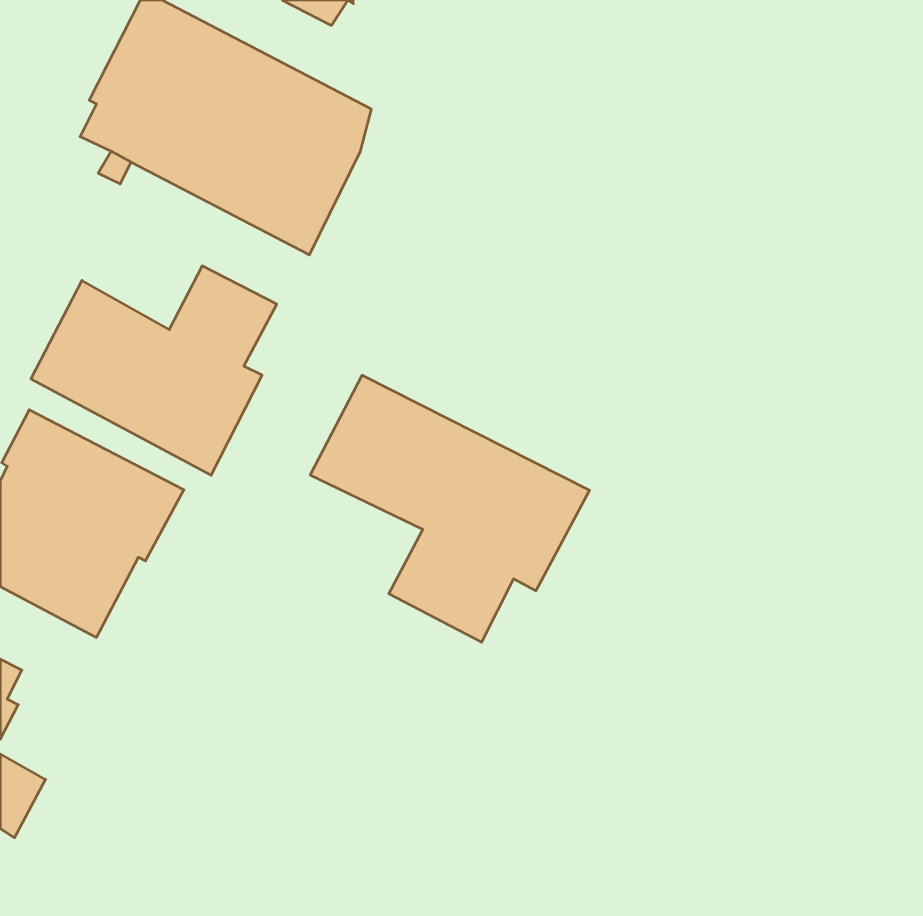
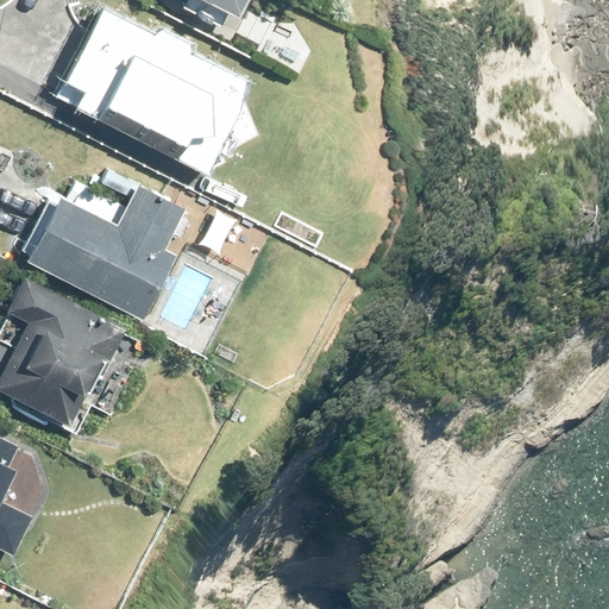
building: [310,375,589,642] -> none

